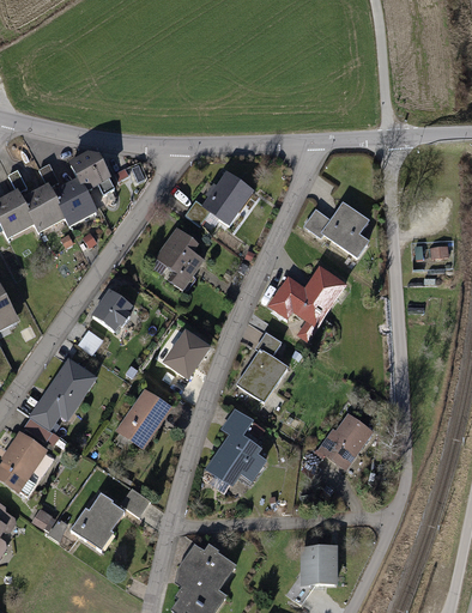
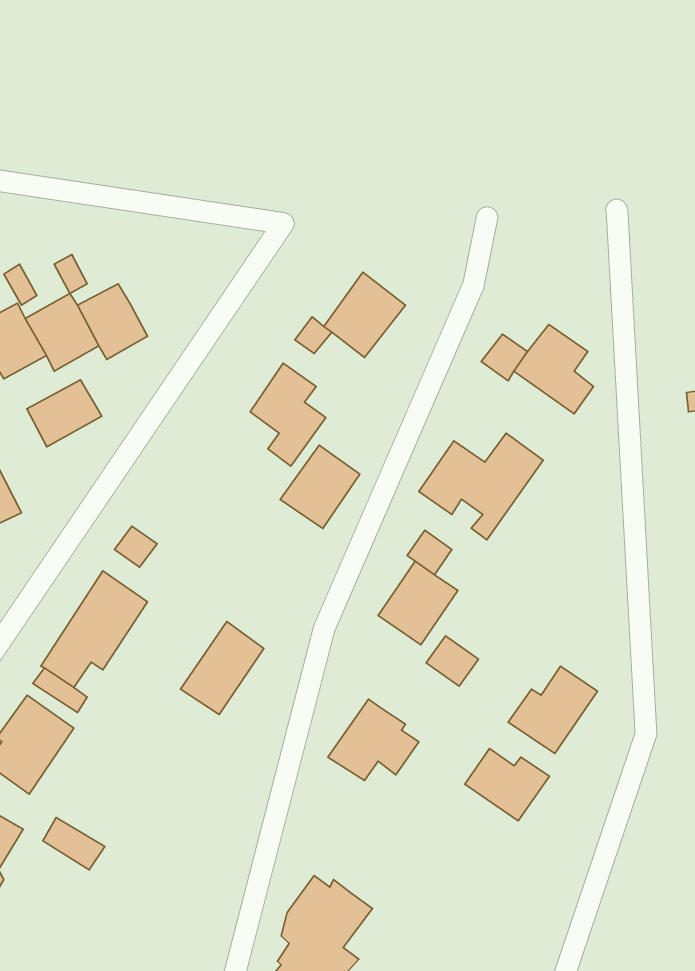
building: [71,153,113,195] -> none
building: none -> [27,380,102,447]
building: [89,287,131,330] -> none
building: [159,328,208,380] -> [280,445,360,528]
building: [220,411,253,442] -> [426,636,479,686]
building: none -> [465,748,549,821]
building: [72,488,150,548] -> none
building: [304,546,343,584] -> none

